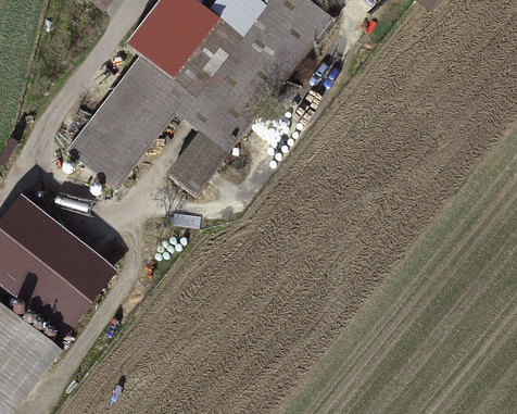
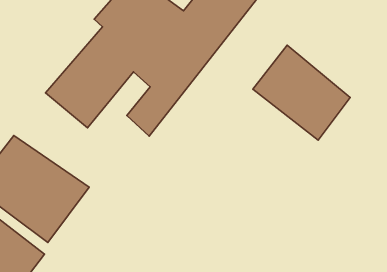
building: none -> [253,45,350,140]

